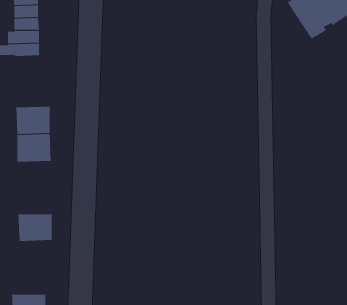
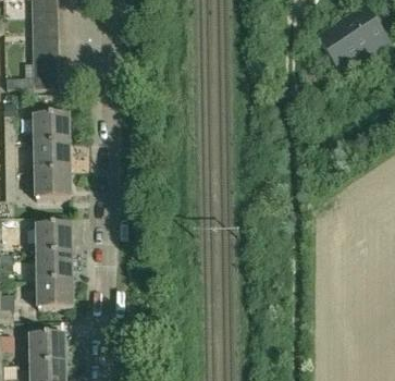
building: none -> [32,112,69,140]
building: none -> [35,222,71,250]
building: none -> [36,278,72,307]

